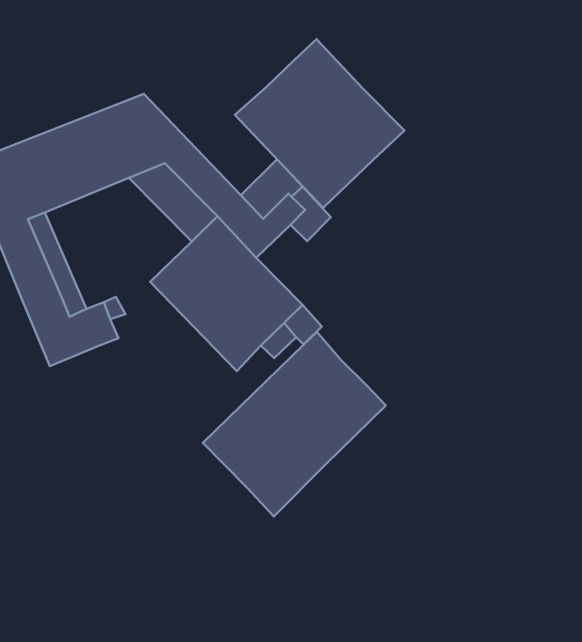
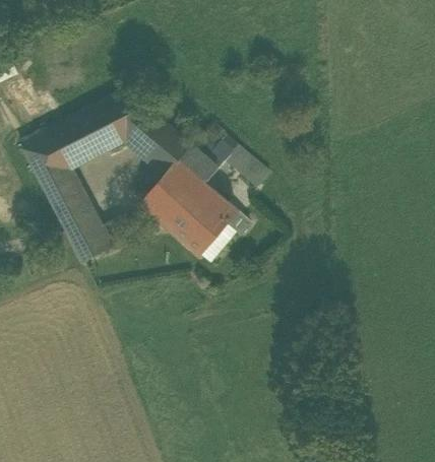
building: [235,39,405,208] -> none
building: none -> [235,154,269,188]
building: [203,332,386,516] -> none

